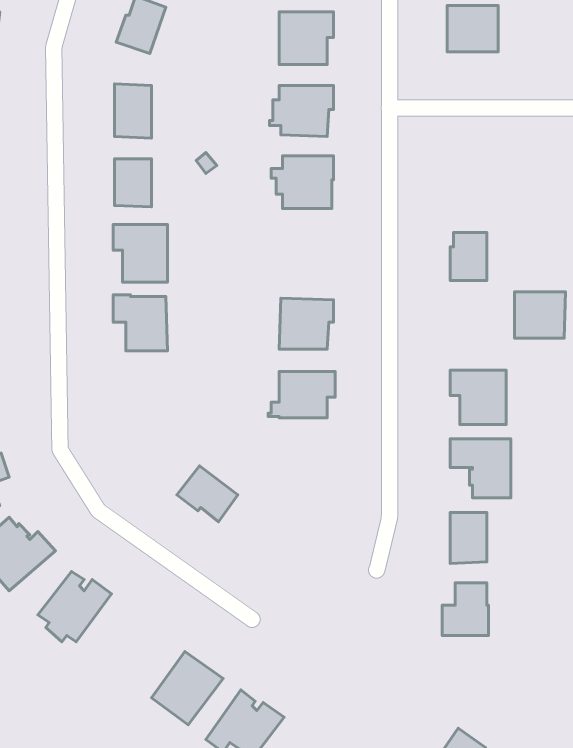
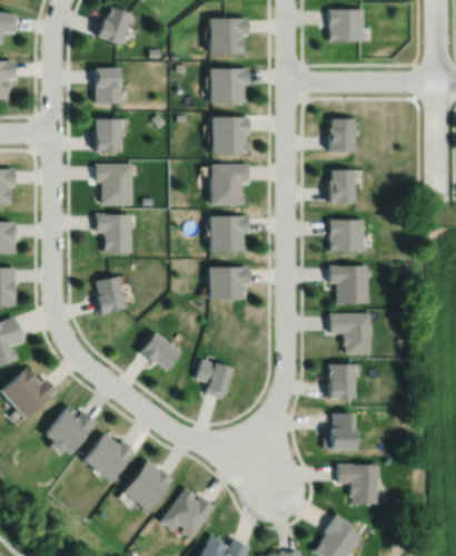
building: none -> [329,117,356,152]
building: none -> [202,163,249,204]
building: [514,292,566,338] -> [330,220,366,252]
building: none -> [97,275,127,313]
building: none -> [197,360,235,399]
building: none -> [82,433,133,482]
building: none -> [337,465,381,505]

